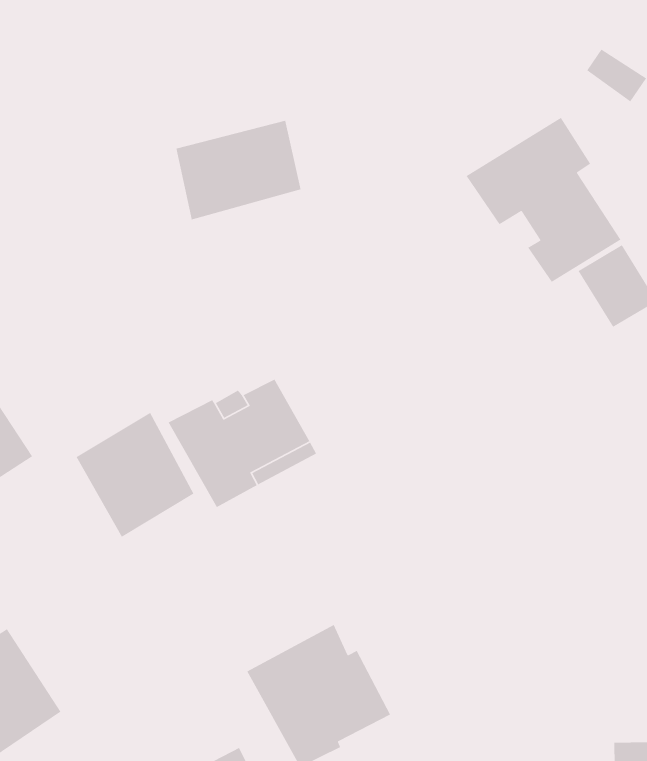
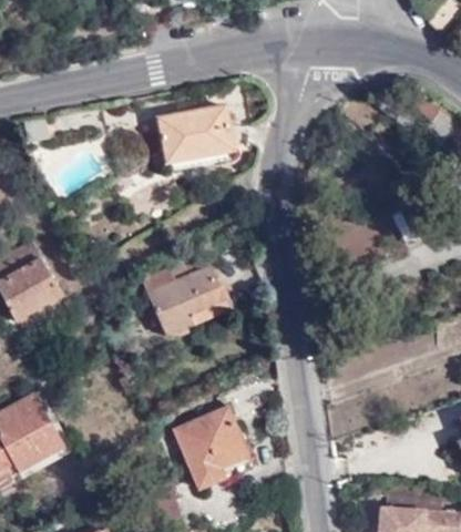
building: [465,117,621,283] -> none
building: [75,412,195,538] -> none

